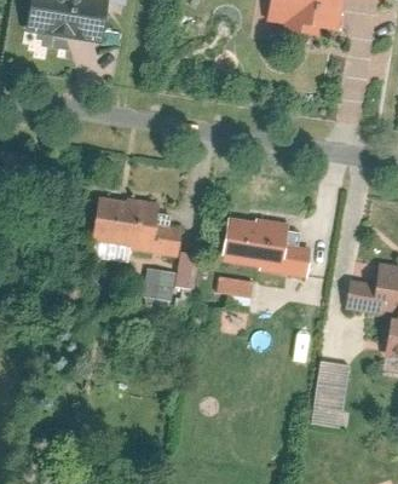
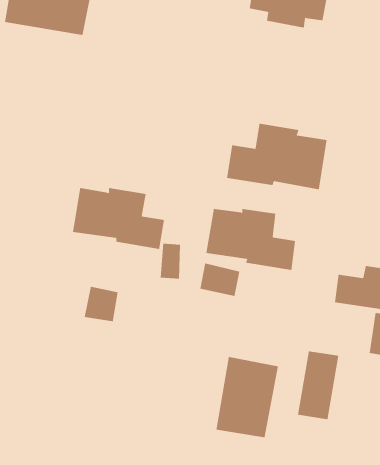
building: none -> [226,123,327,190]
building: [143,264,177,299] -> [84,286,119,322]
building: none -> [216,356,278,438]

